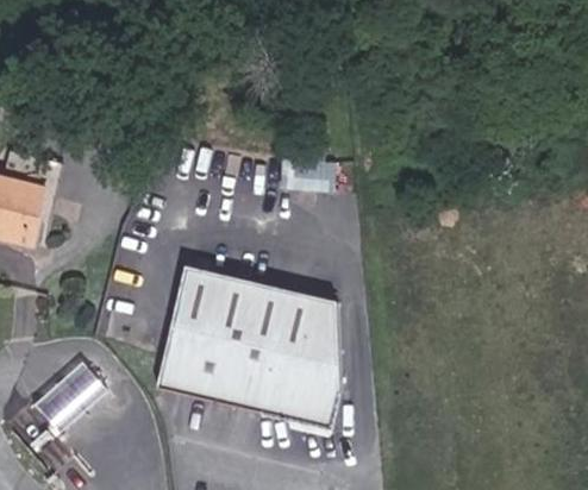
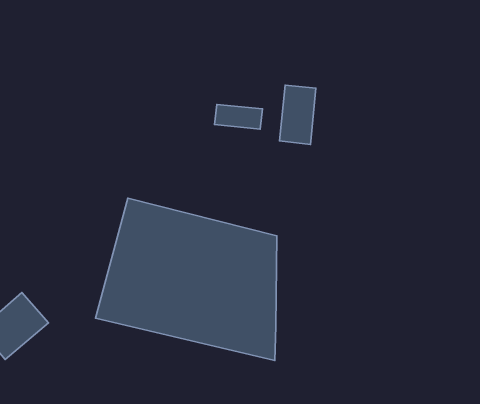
building: none -> [279,85,316,145]

